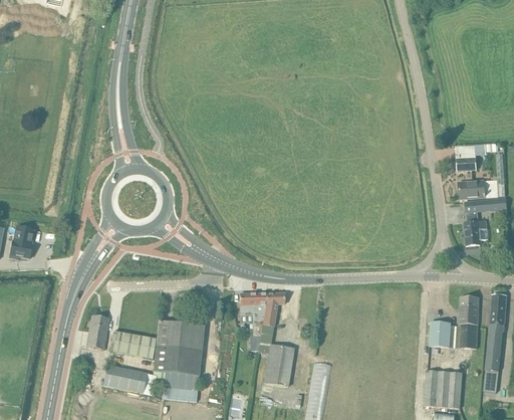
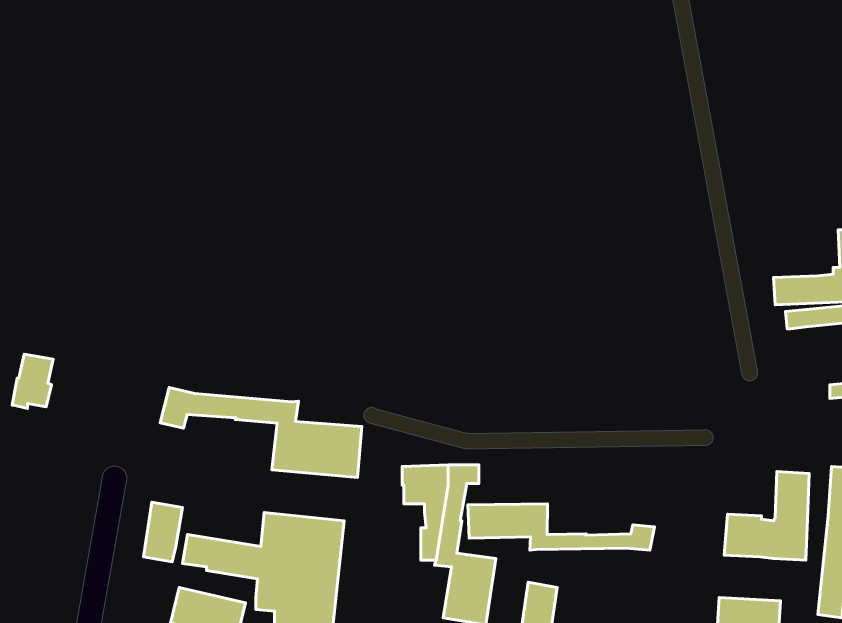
building: [456,146,476,171] -> none
building: [464,211,488,245] -> none
building: none -> [160,388,362,477]
building: none -> [468,504,655,550]

